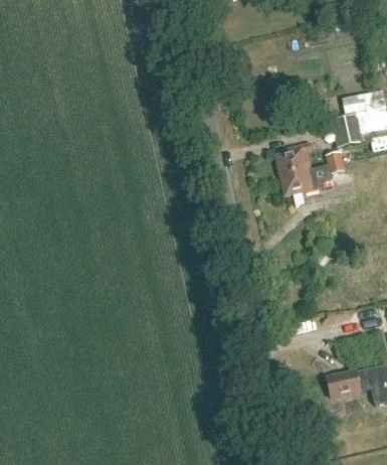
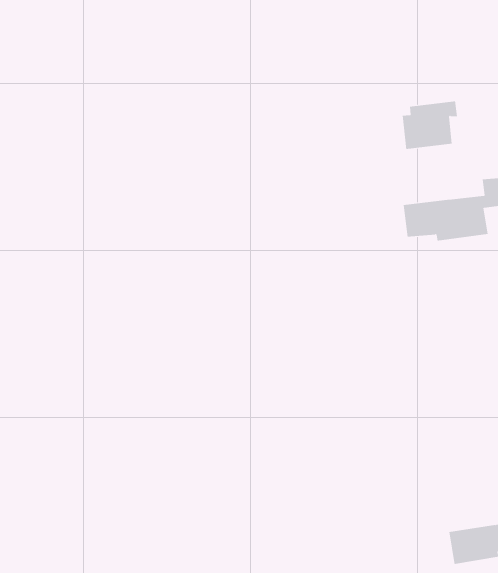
building: [276,141,312,174] -> [402,101,458,150]

